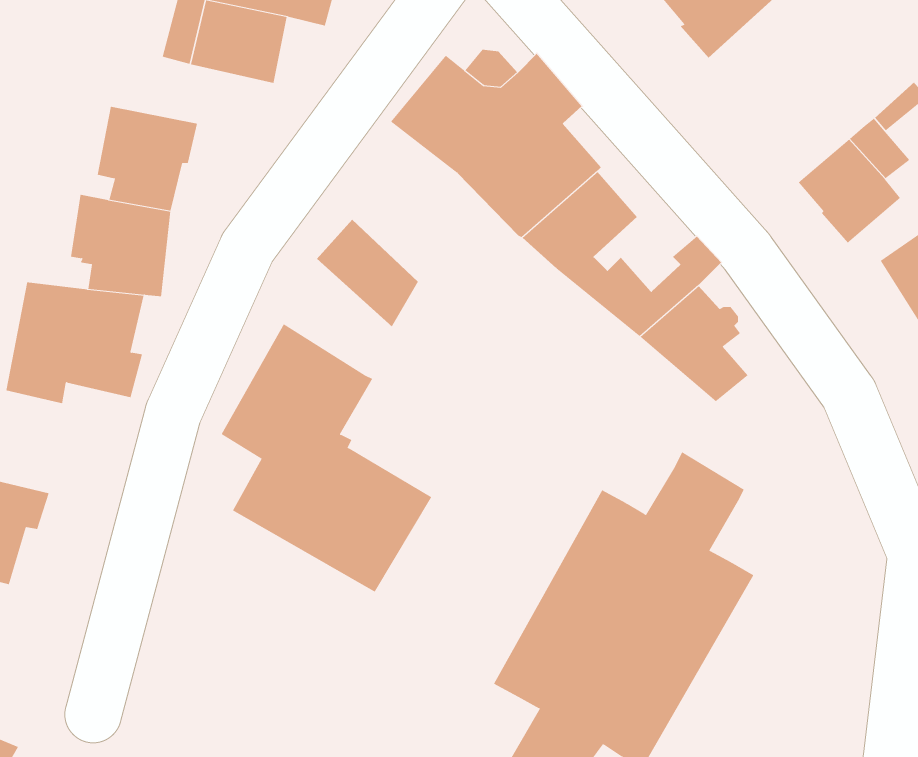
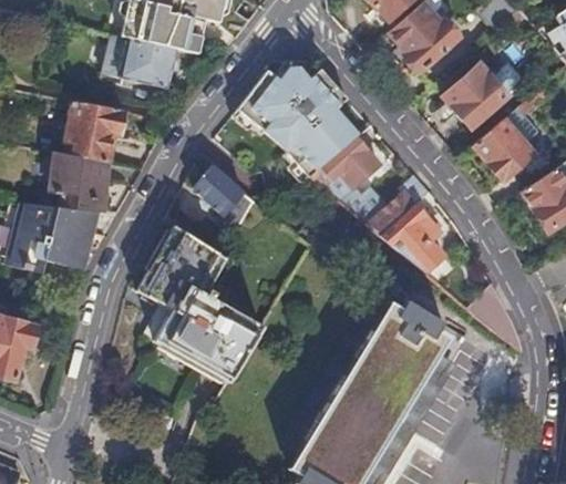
building: none -> [443,62,523,127]

